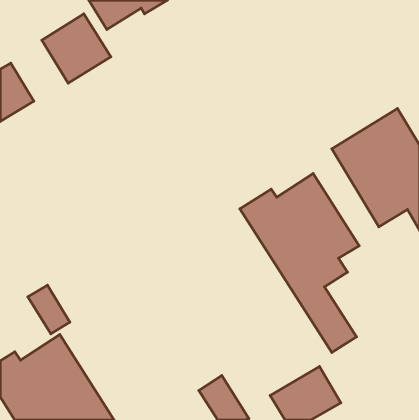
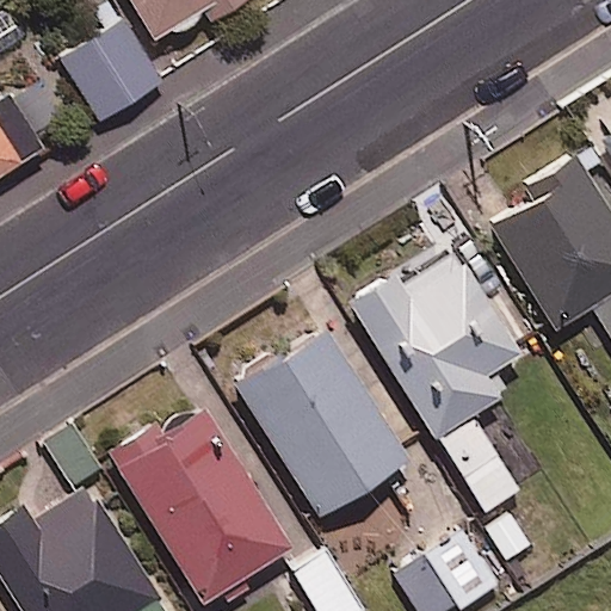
building: none -> [235,329,411,519]
building: none -> [110,399,292,603]

